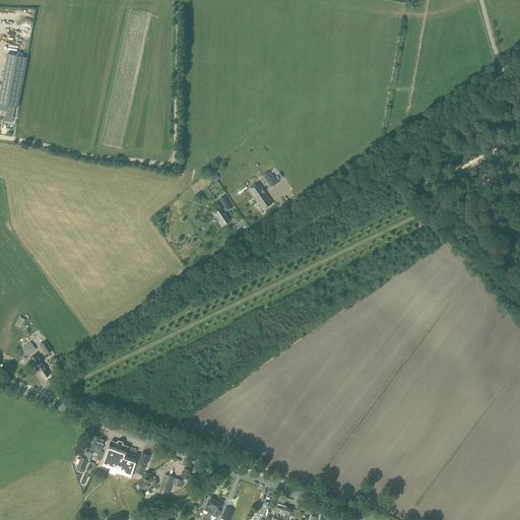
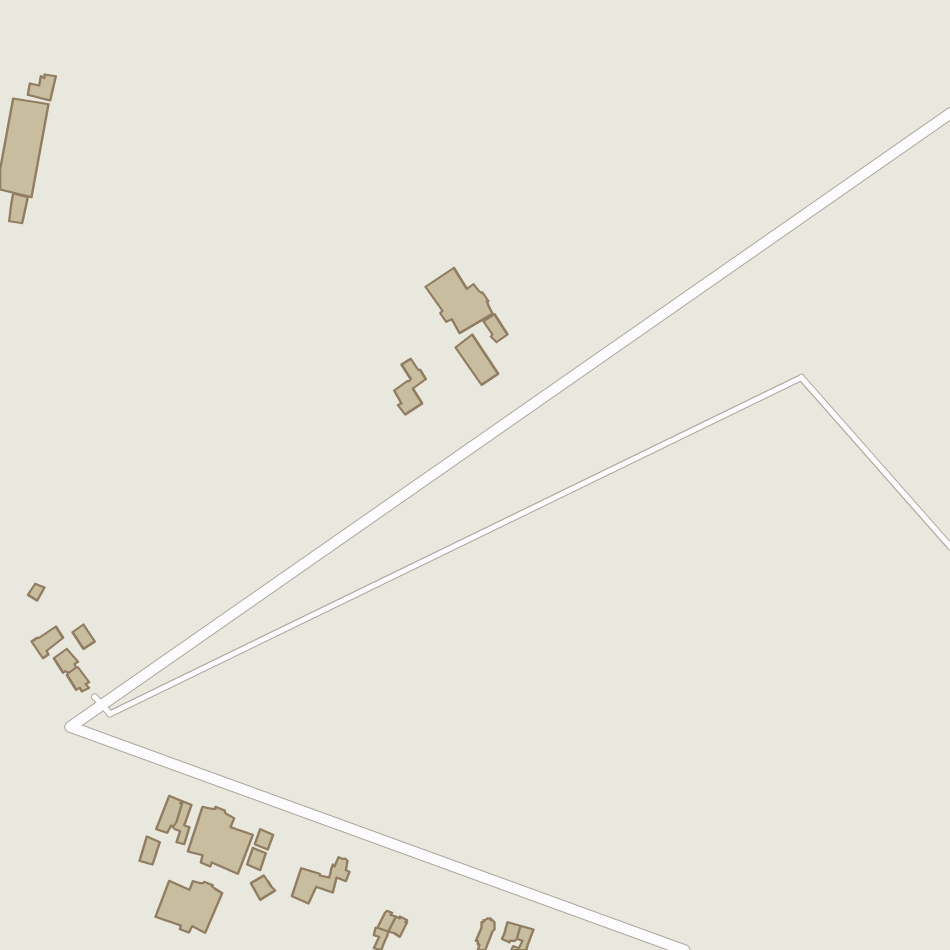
building: none -> [425,268,492,333]
building: none -> [155,881,222,933]

